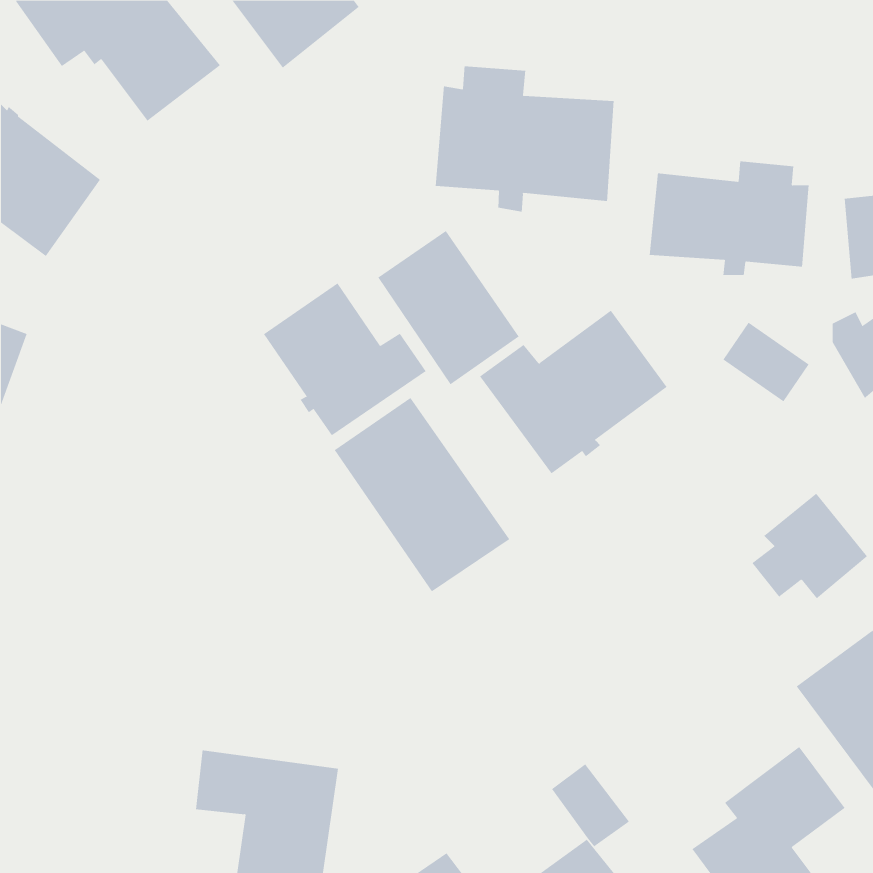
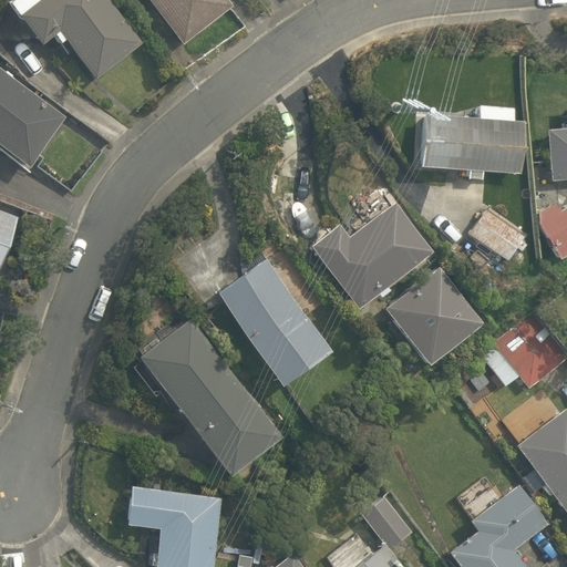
building: [435,66,614,213] -> none
building: [378,230,520,385] -> none
building: [263,283,426,436] -> none
building: none -> [381,266,477,362]
building: none -> [141,319,280,475]

